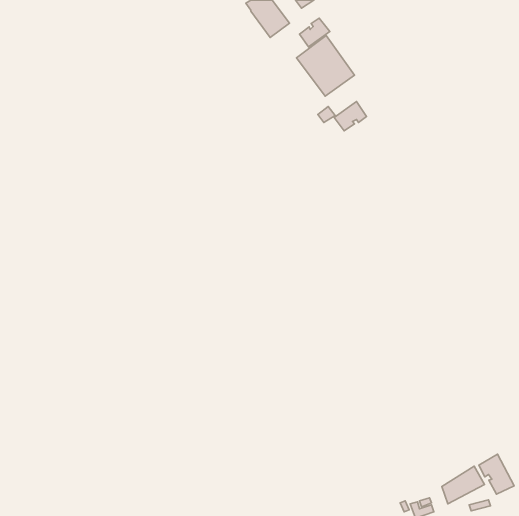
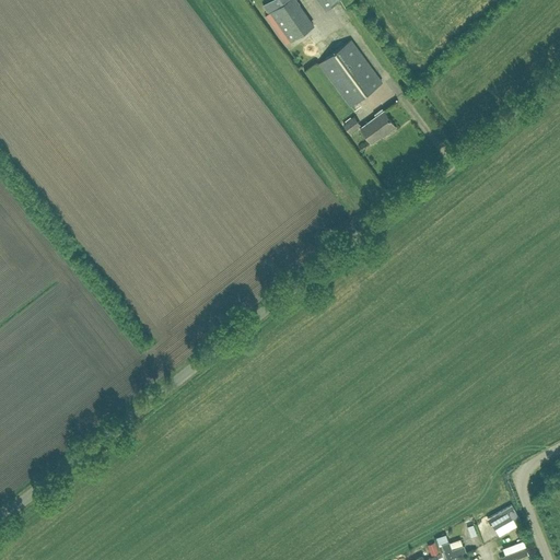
building: [300,18,330,47] -> none
building: [479,454,514,494] -> none

